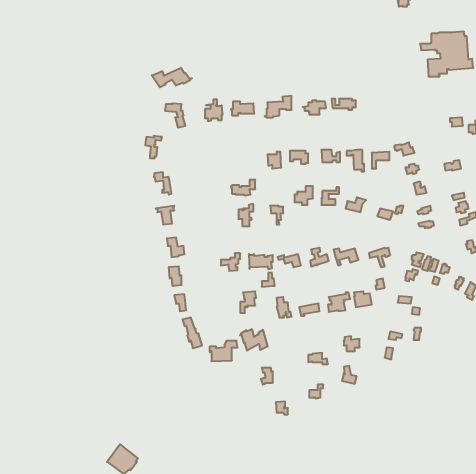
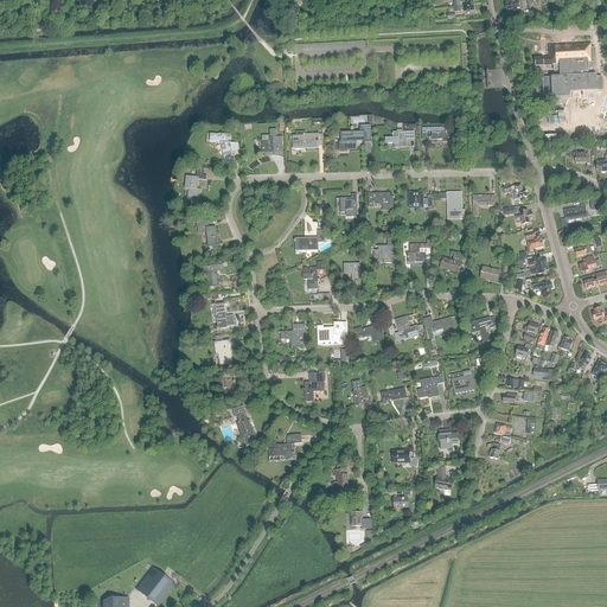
building: [152,68,192,87] -> none
building: [240,329,268,351] -> none

